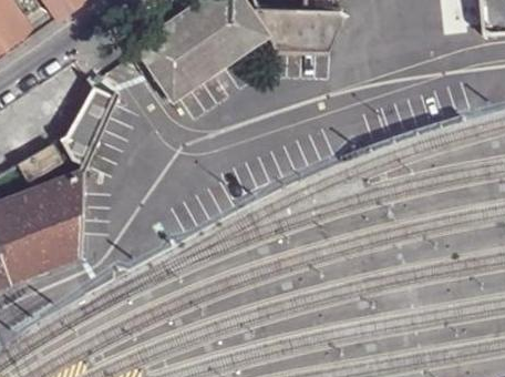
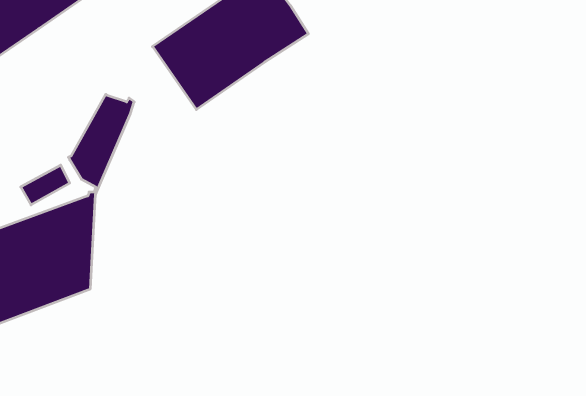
building: [250,10,344,52] -> none

